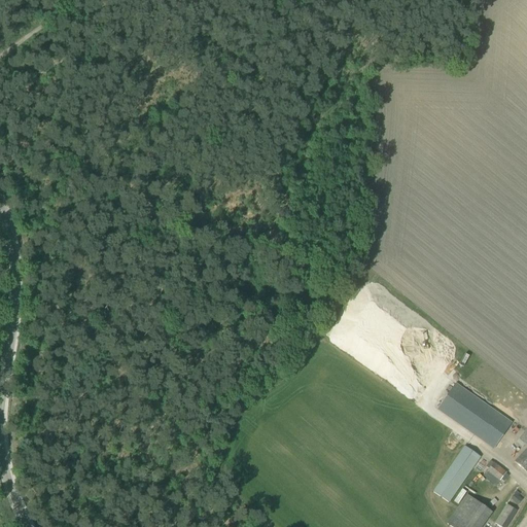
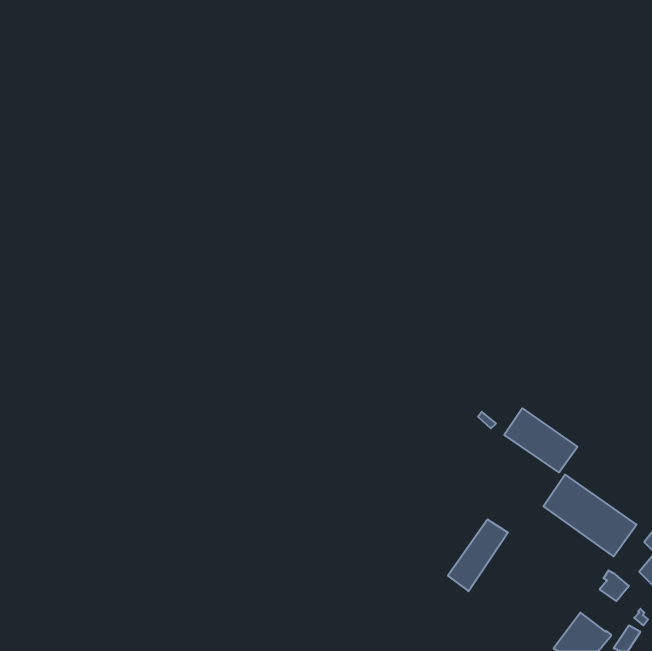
building: none -> [504,408,577,472]
building: [433,445,482,502] -> [448,520,508,591]

